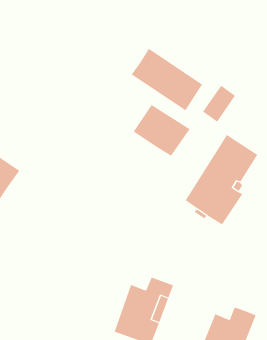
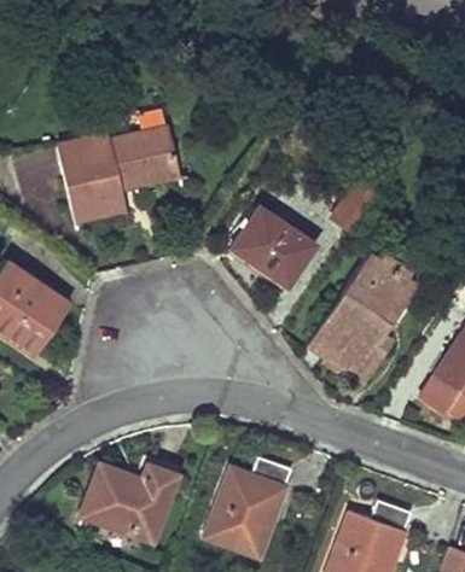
building: none -> [56,124,179,223]
building: [131,48,203,111] -> none
building: none -> [79,463,176,542]

